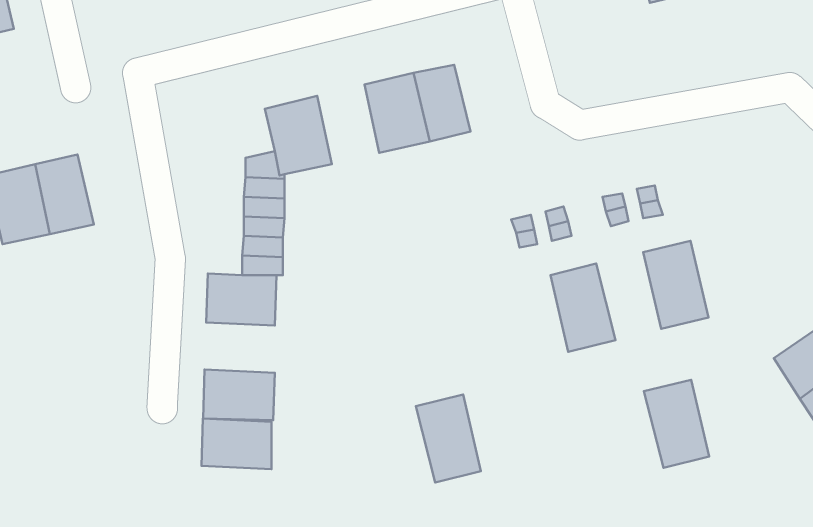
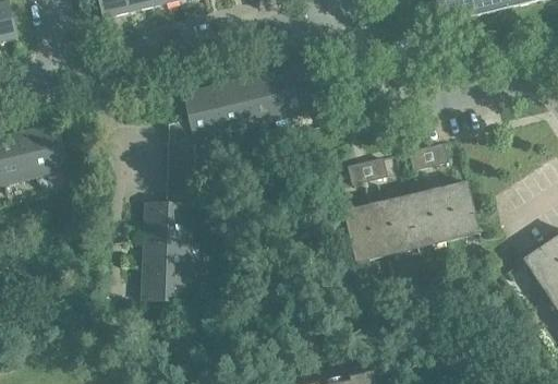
building: none -> [217,75,258,129]
building: [644,380,709,468] -> [403,188,447,247]
building: [416,395,481,483] -> [341,203,385,262]
building: [201,419,271,469] -> [142,235,189,268]

